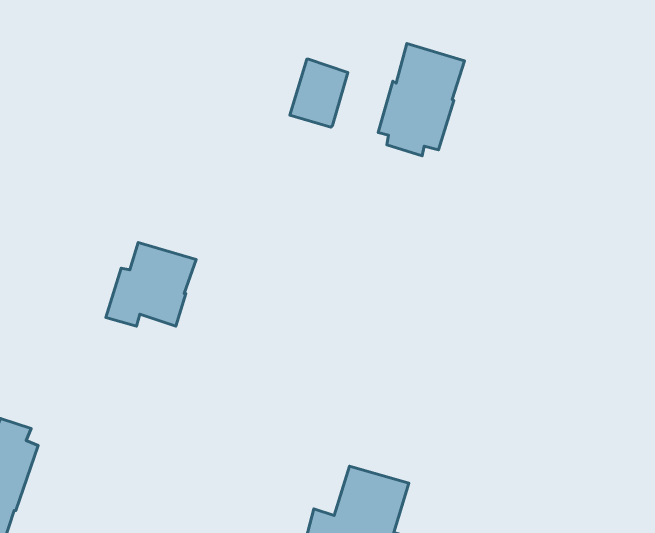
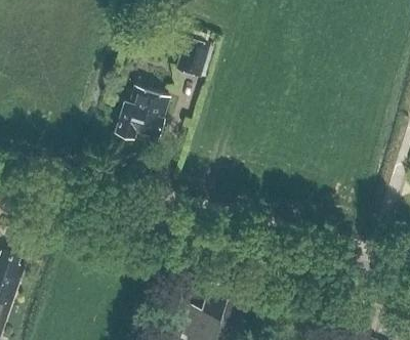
building: [378,43,464,156] -> none
building: [106,243,196,326] -> [115,87,169,137]

